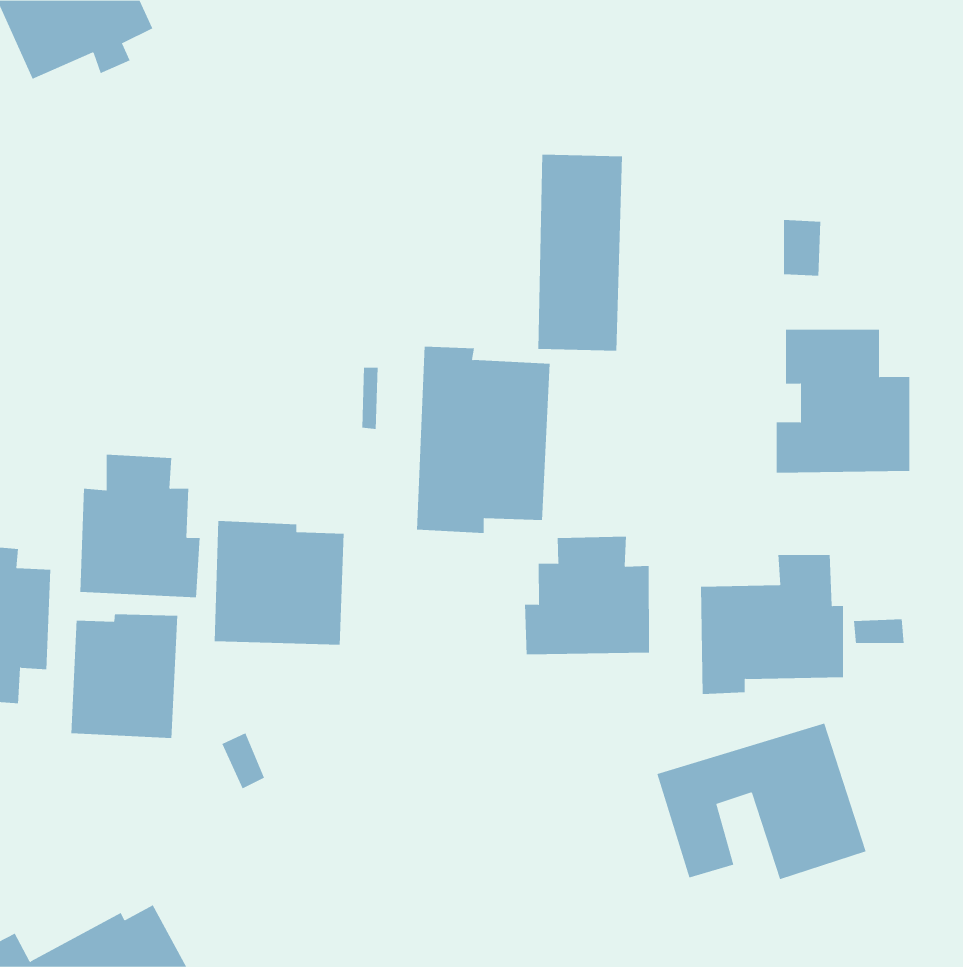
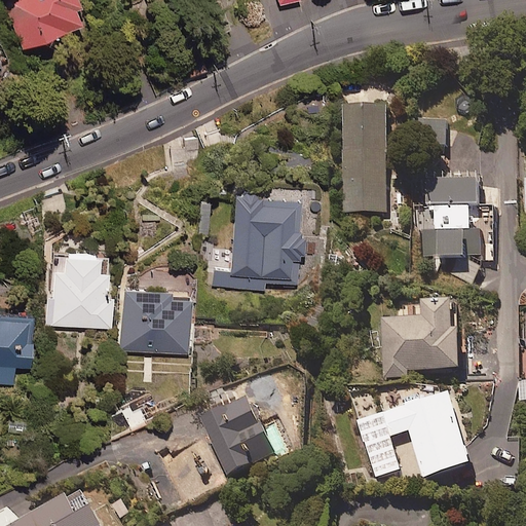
building: [538,154,623,351] -> [342,106,388,213]
building: [524,536,649,655] -> none
building: [71,613,178,739] -> none
building: none -> [192,399,276,481]

